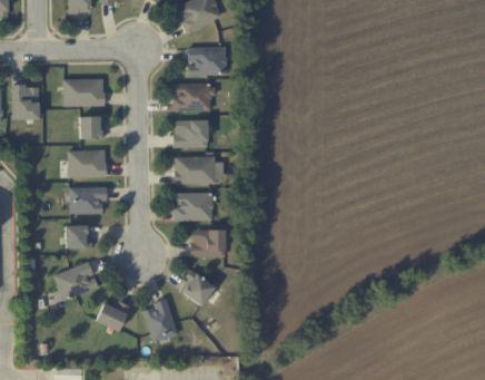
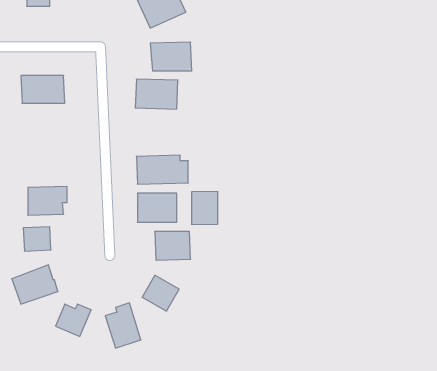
building: [79,116,106,138] -> none
building: [174,119,208,147] -> none
building: [68,149,106,178] -> none
building: none -> [192,191,217,225]

